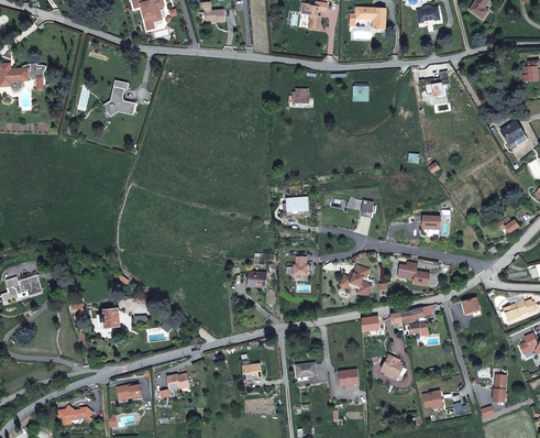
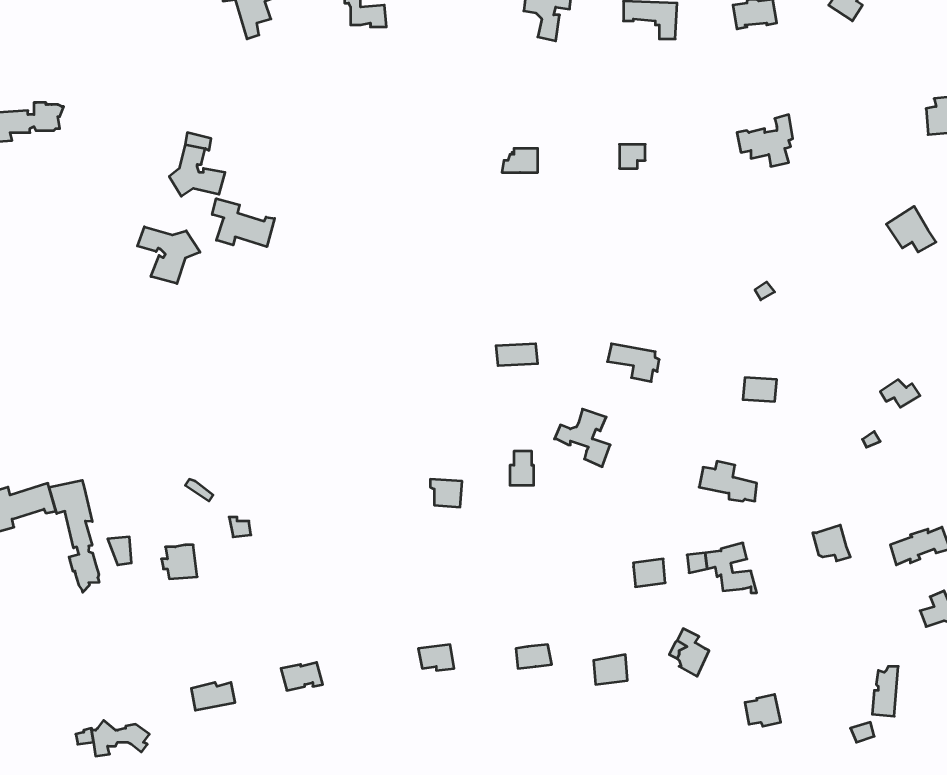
building: none -> [212,199,275,247]
building: none -> [137,227,200,284]
building: [340,265,371,297] -> [554,409,610,467]
building: none -> [49,480,99,592]

